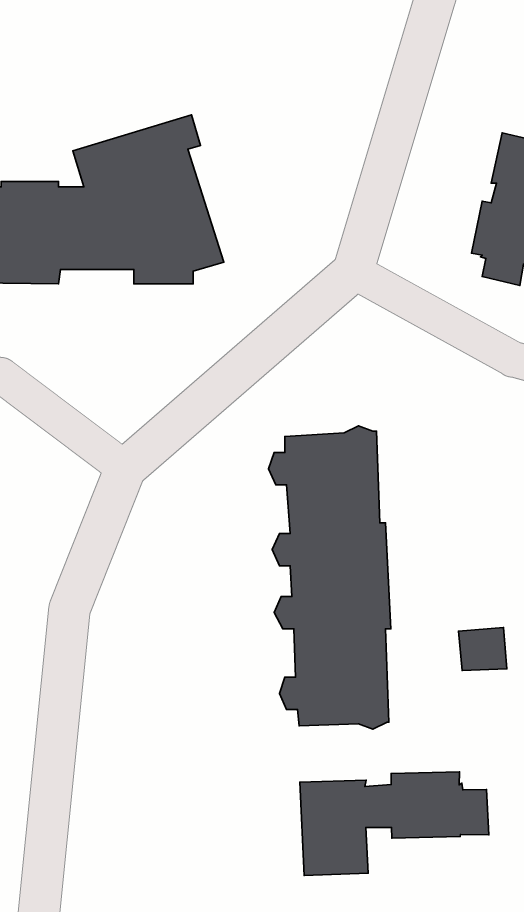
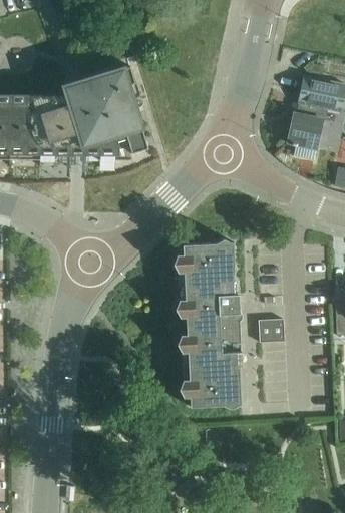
building: [459,627,507,671] -> [258,316,285,340]
building: [300,772,489,875] -> none

